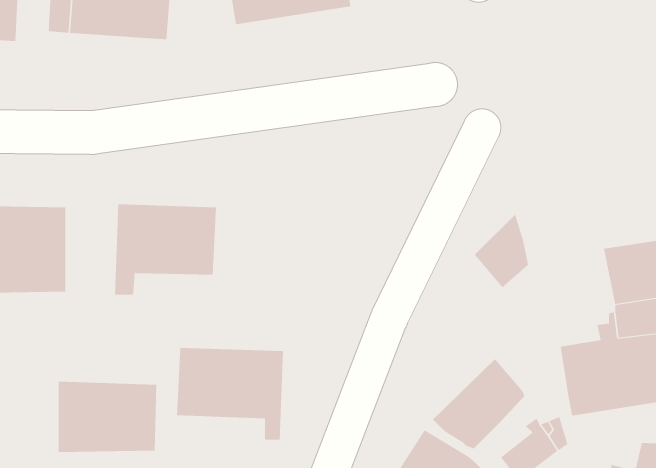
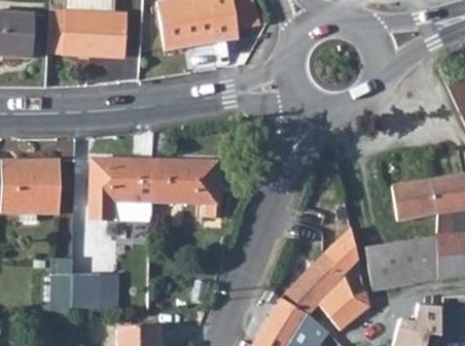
building: [474,213,529,288] -> [326,229,360,275]
building: [176,347,284,440] -> [151,161,218,218]

